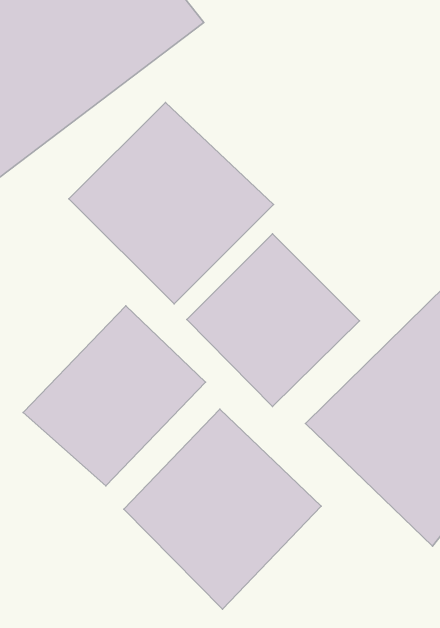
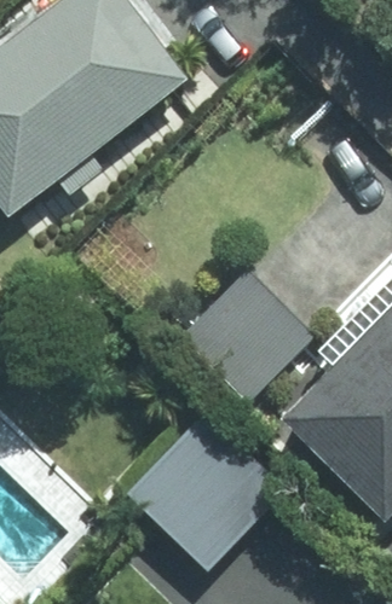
building: [69,102,273,304] -> none
building: [23,306,206,486] -> none

